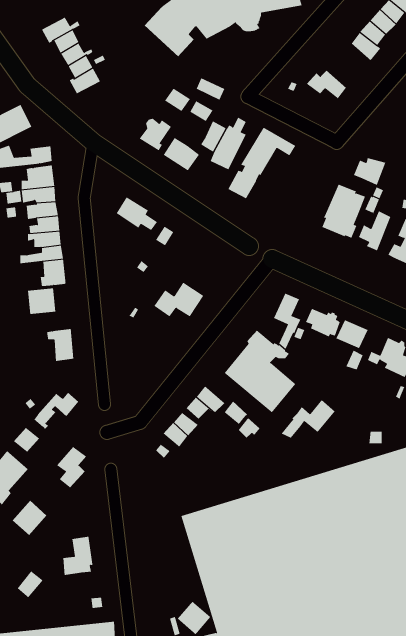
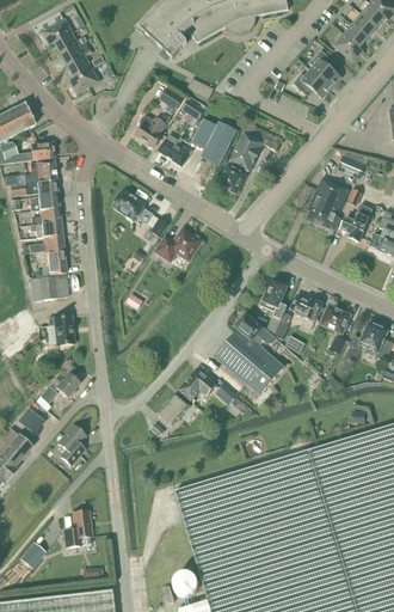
building: none -> [312,50,340,87]
building: [153,282,204,317] -> [155,228,203,262]
building: [281,399,336,439] -> none
building: [12,500,47,536] -> none

